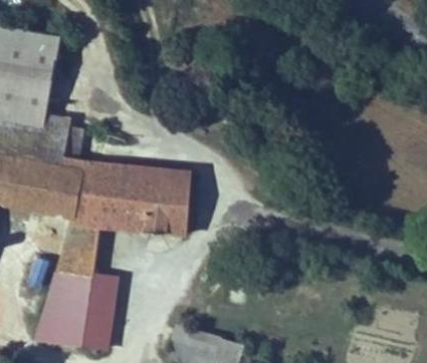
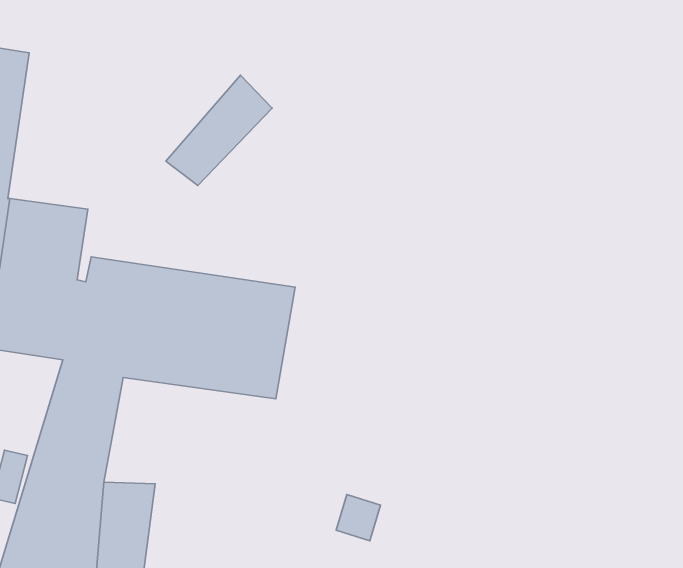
building: none -> [166,75,272,186]

